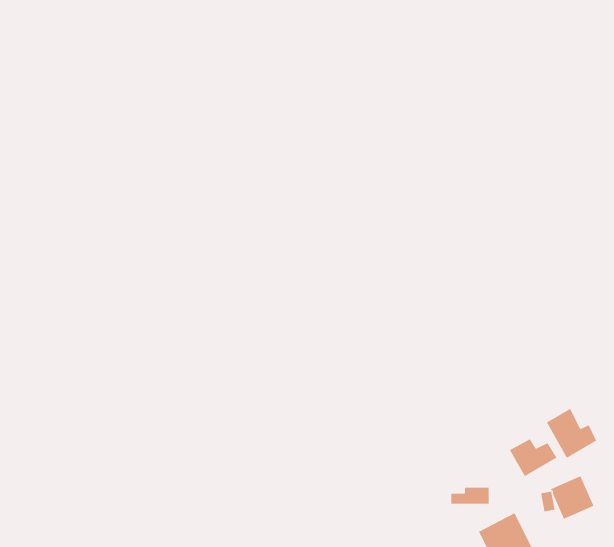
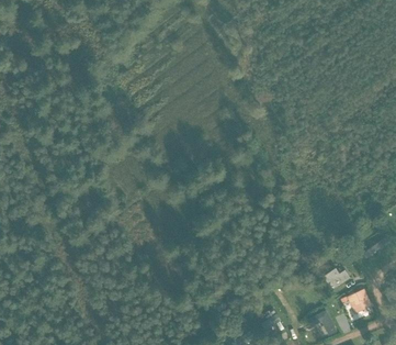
building: [546,408,597,459] -> none

